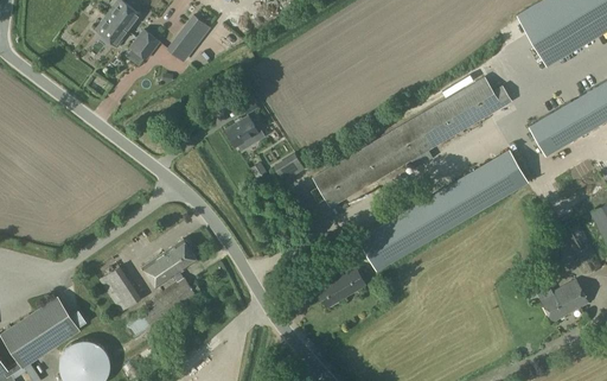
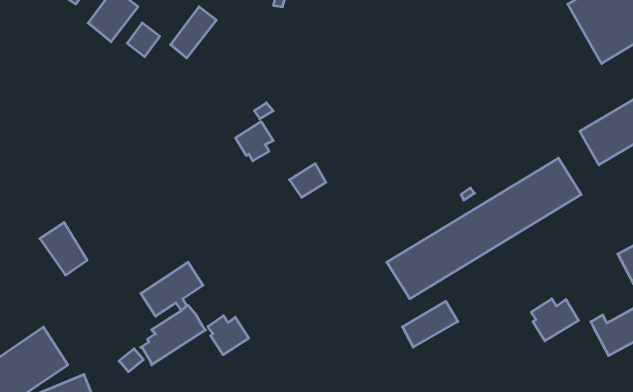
building: [315,77,511,210] -> none
building: [98,266,140,312] -> [40,222,87,275]
building: [317,267,365,307] -> [402,301,458,347]
building: none -> [531,299,579,341]
building: none -> [208,316,249,355]

